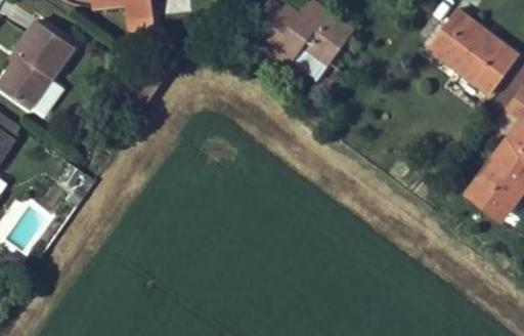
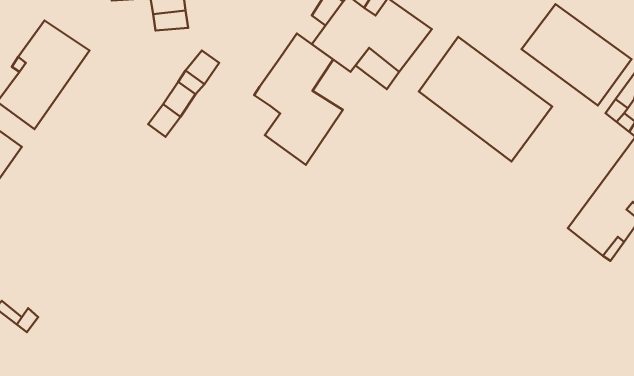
building: none -> [254,33,343,165]
building: none -> [419,37,552,161]

